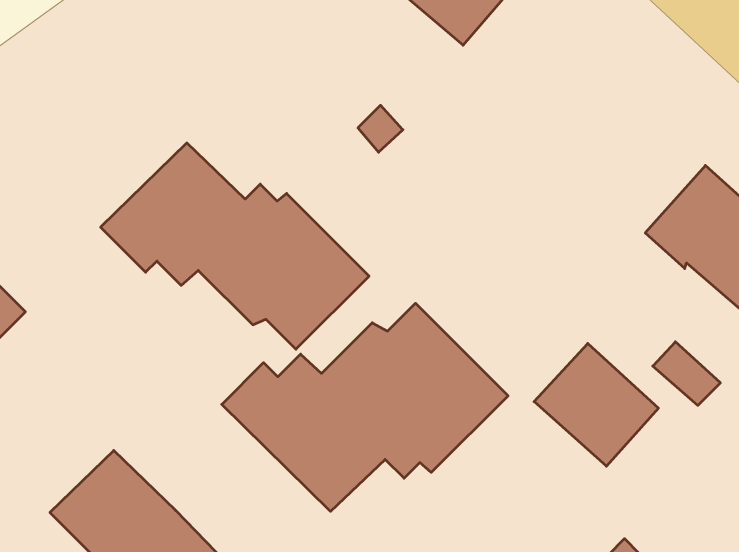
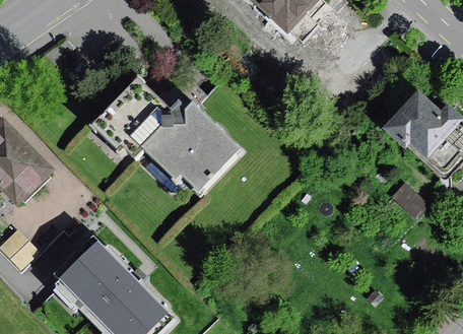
building: [222,303,508,511] -> none
building: [534,343,658,466] -> none

